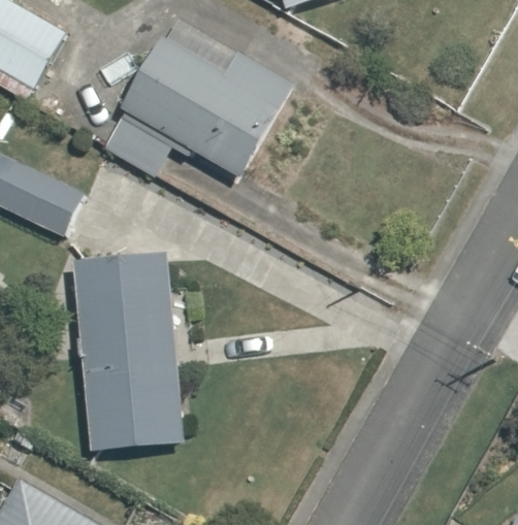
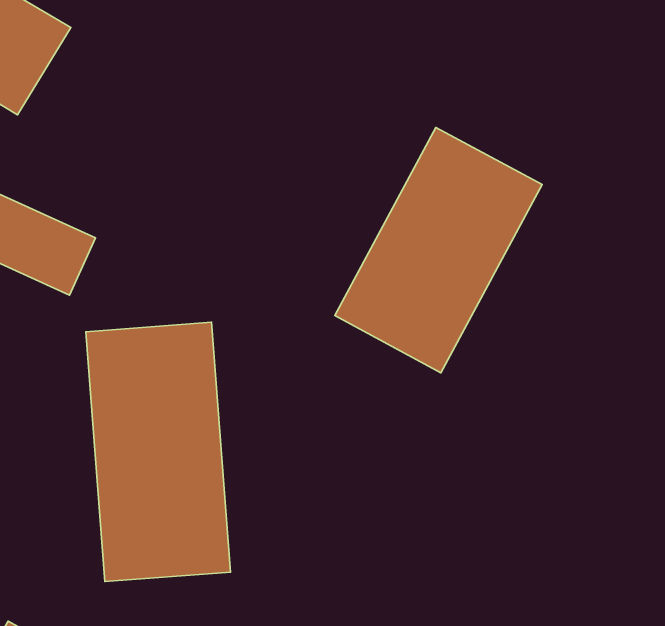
building: [102,39,292,176] -> none
building: none -> [335,127,542,373]

